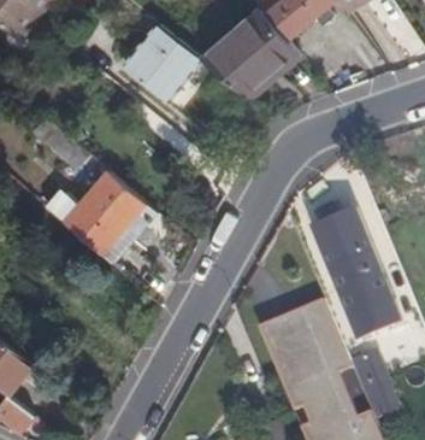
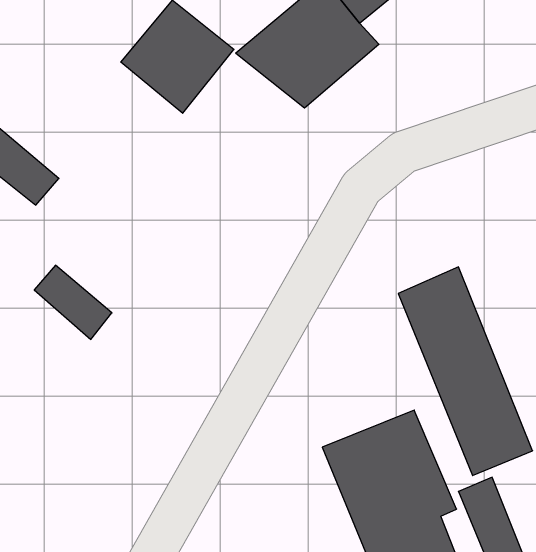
building: [78,162,147,236] -> none

